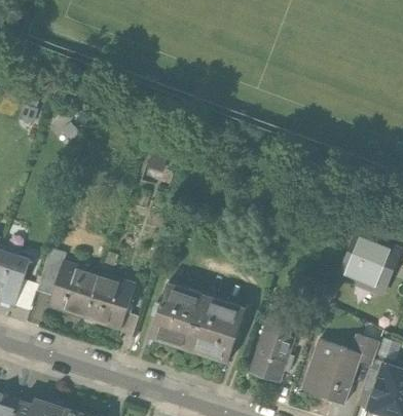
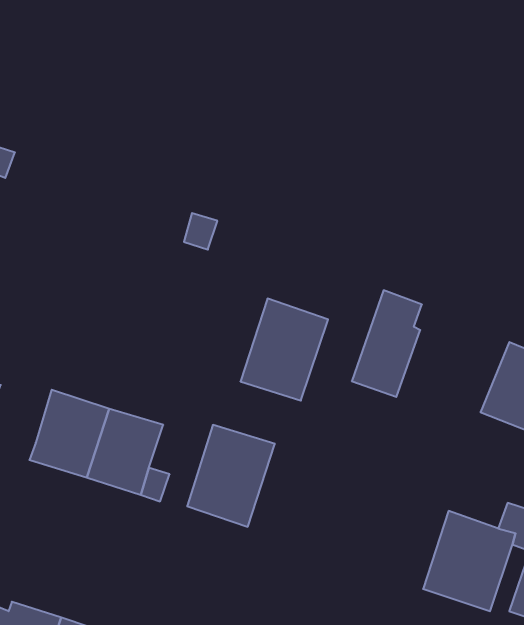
building: [36,248,66,296] -> none
building: [189,297,246,363] -> [240,299,328,401]
building: [250,312,295,381] -> [352,290,422,397]

